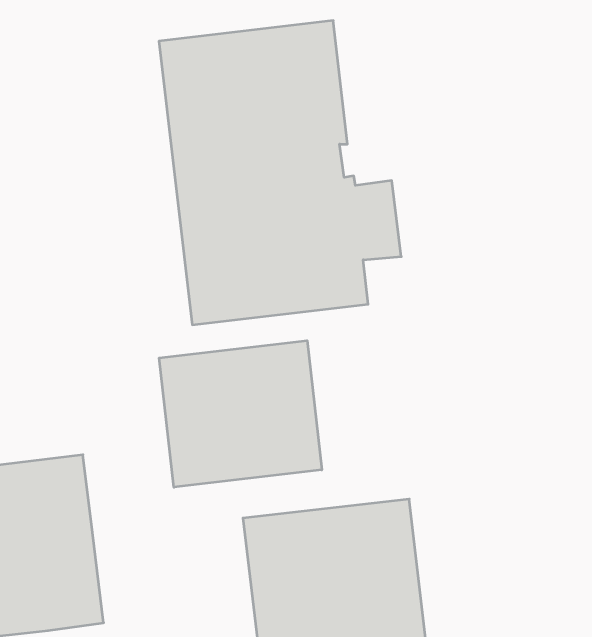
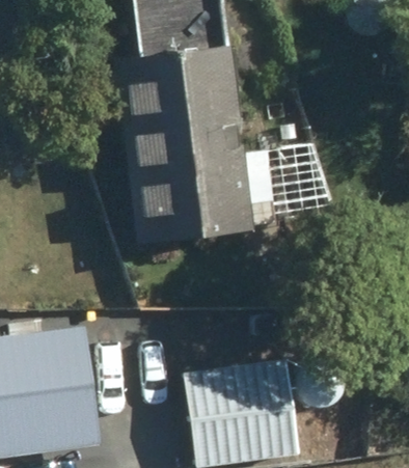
building: [159,341,322,487] -> none

